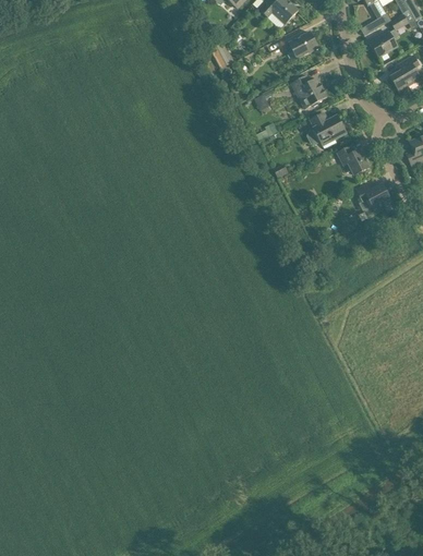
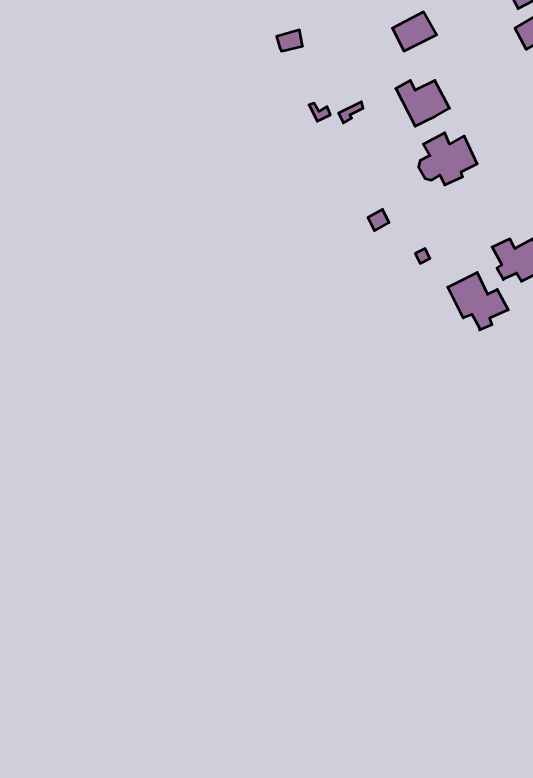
building: [337,144,368,173] -> none
building: none -> [448,272,508,330]

